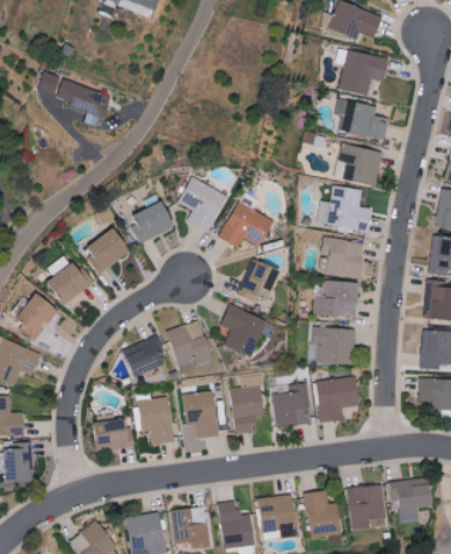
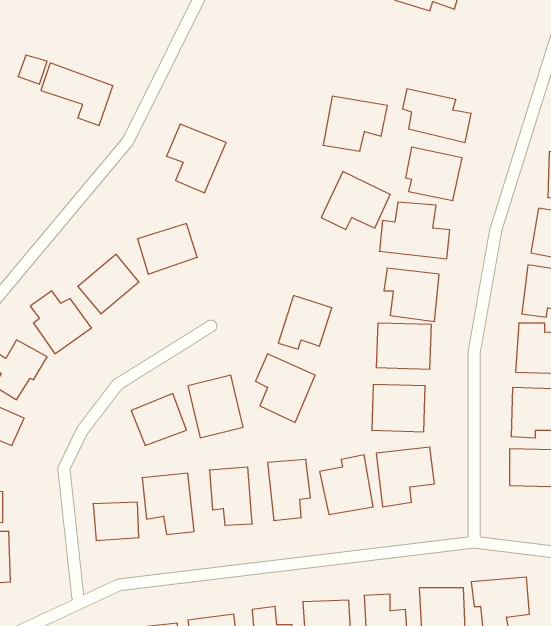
building: [338,51,388,94] -> [323,96,387,151]
building: [180,178,226,232] -> [166,124,226,193]
building: [219,202,273,247] -> [321,171,390,230]

